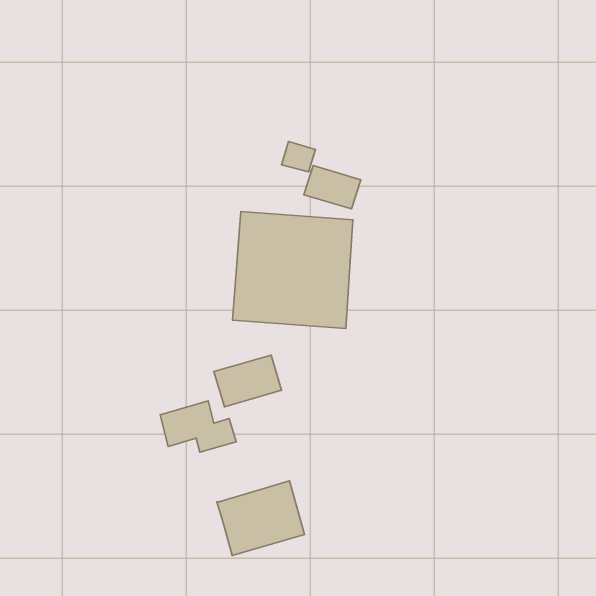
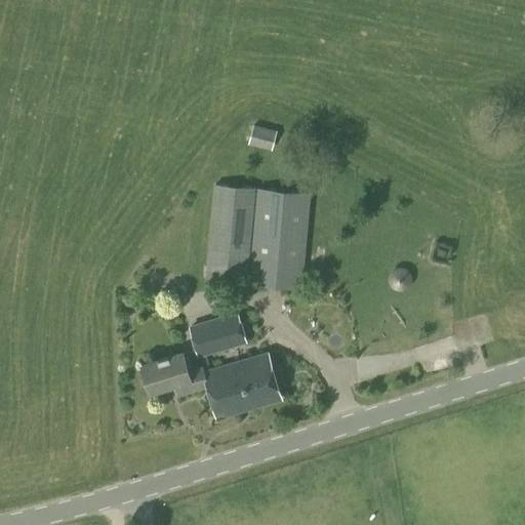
building: [304,166,361,209] -> none
building: [217,481,305,556] -> [203,353,280,418]

